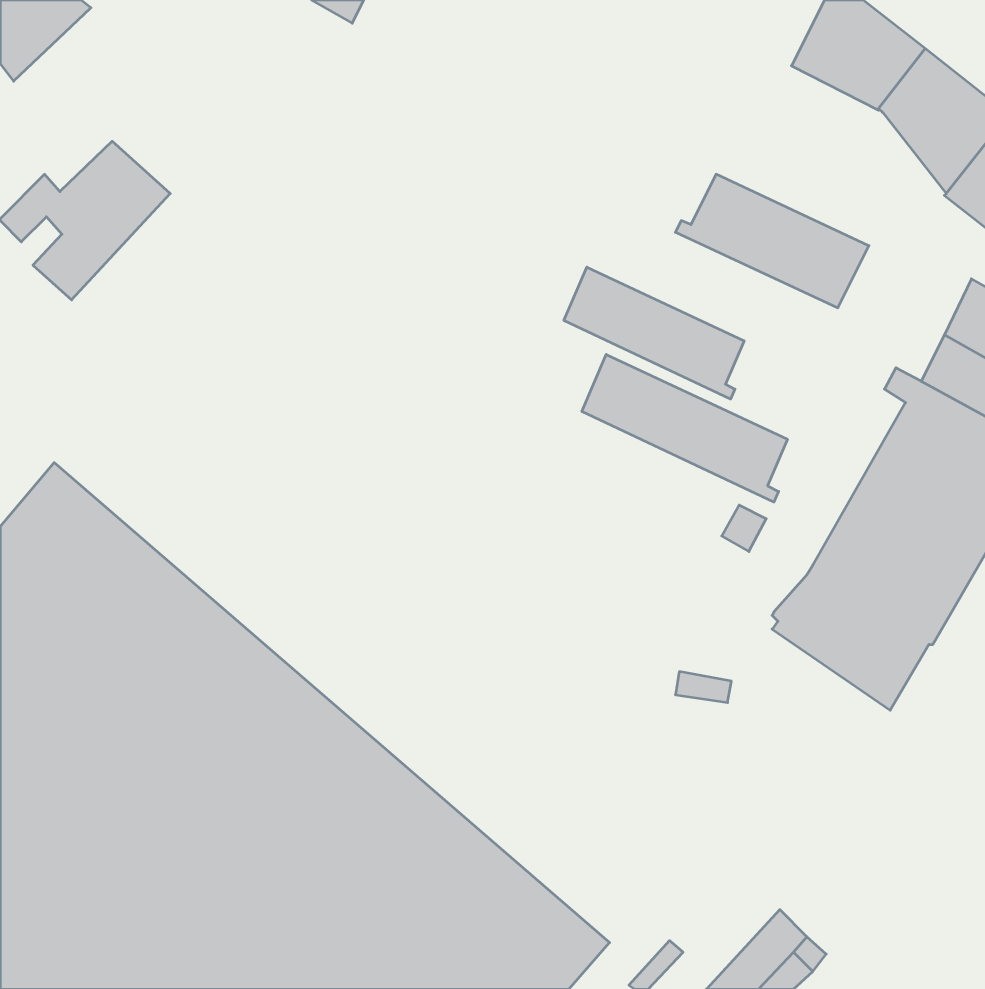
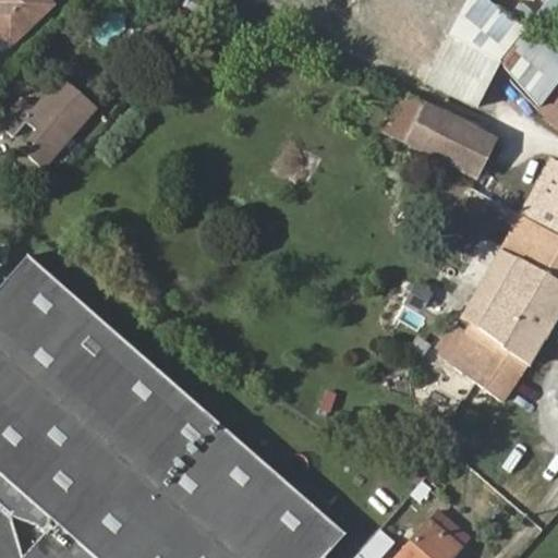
building: none -> [425,37,497,106]
building: [564,267,744,399] -> none
building: [582,354,787,502] -> none

